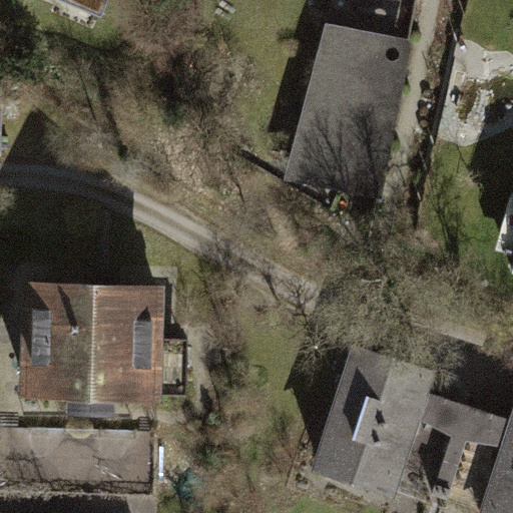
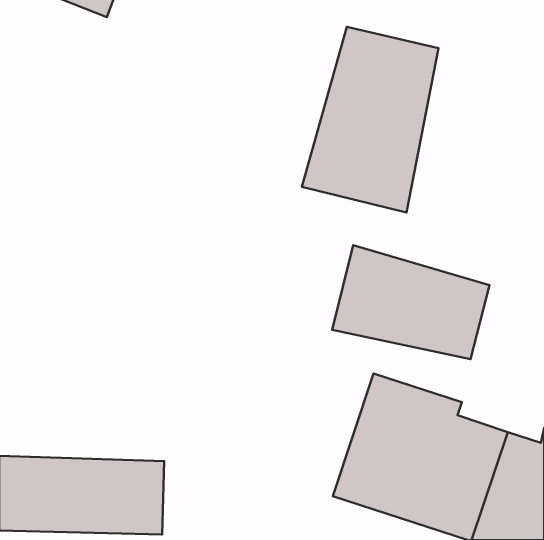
building: none -> [332,245,490,359]
building: [15,278,164,410] -> none

